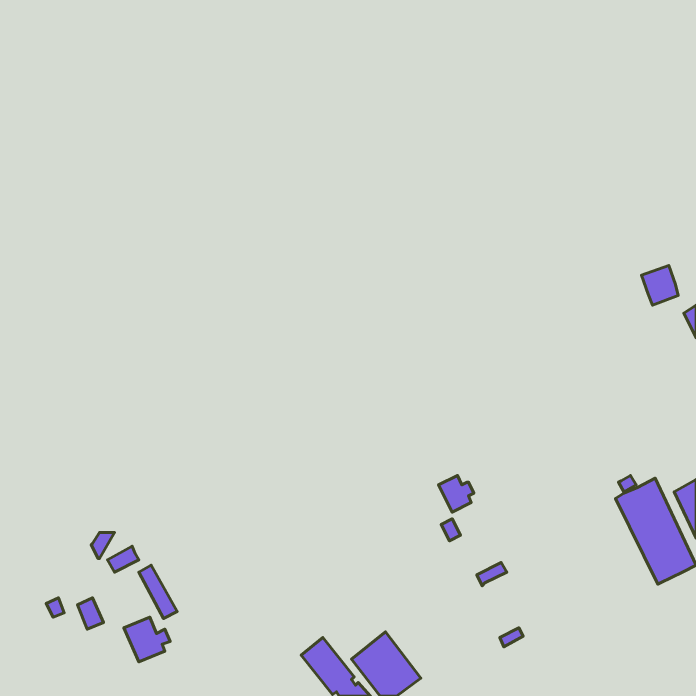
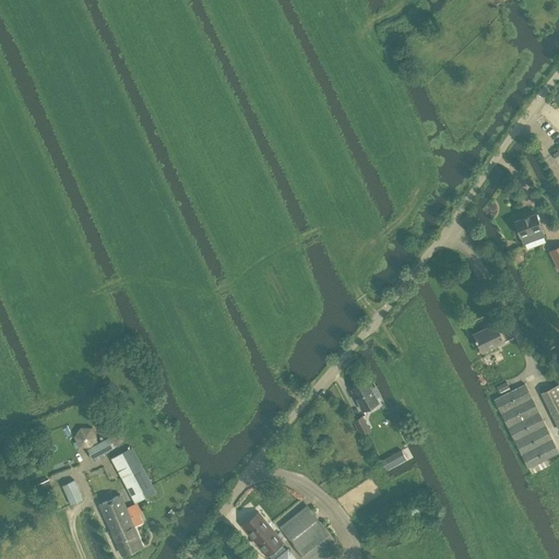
building: none -> [473,323,504,353]
building: none -> [121,448,155,503]
building: none -> [111,513,143,554]

